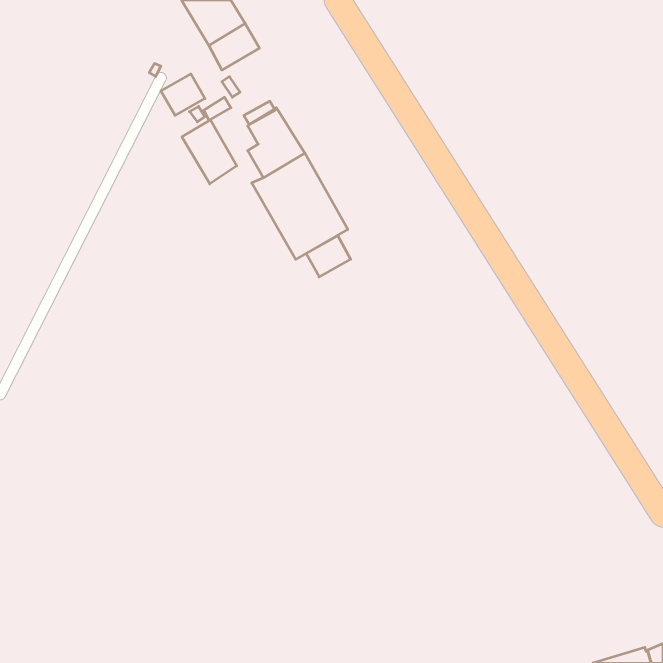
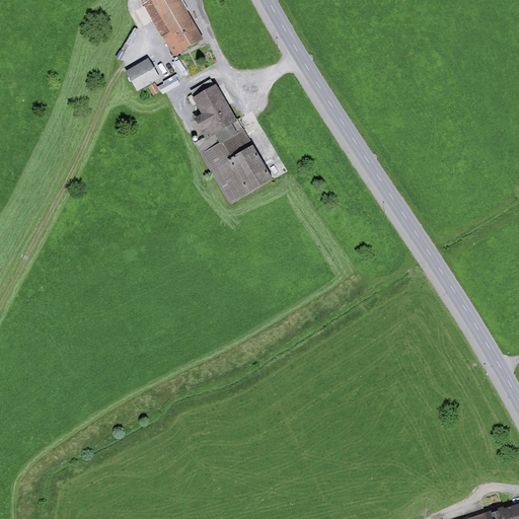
building: [182,120,237,184] -> none
building: [306,236,351,277] -> none

